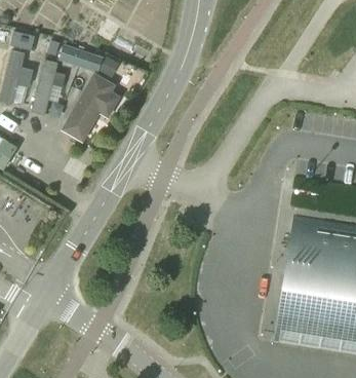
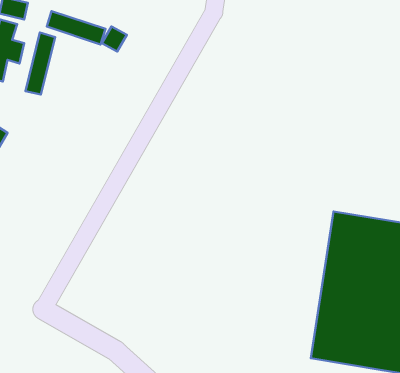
building: [61,74,120,144] -> none

